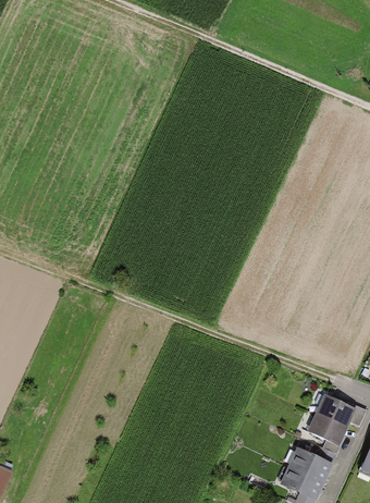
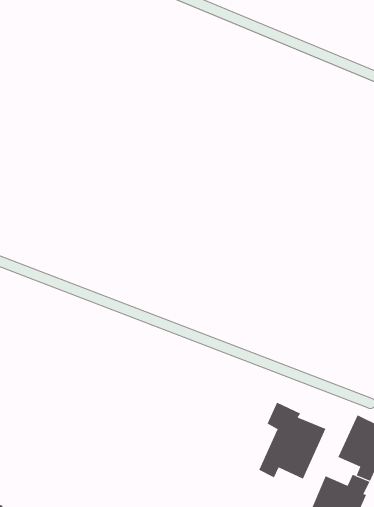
building: none -> [259,402,326,480]

